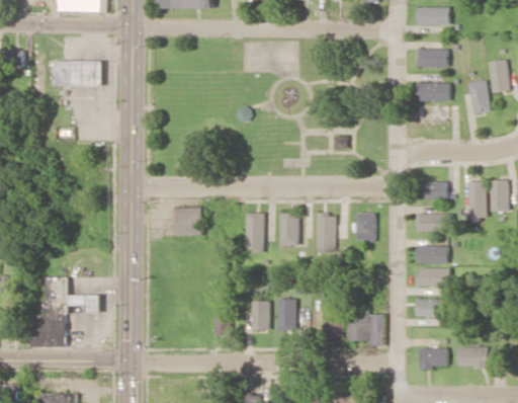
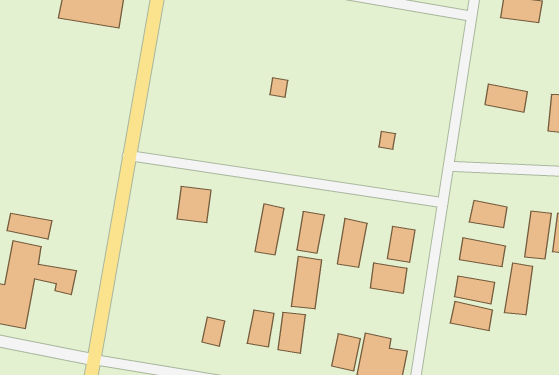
building: [415,49,447,67] -> none
building: none -> [505,263,533,315]
building: none -> [370,263,407,293]
building: none -> [292,256,321,309]
building: none -> [7,213,52,239]
building: [415,298,443,316] -> none

